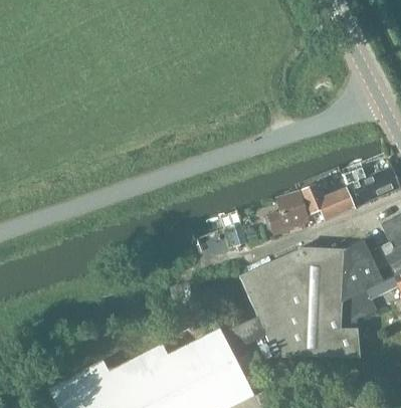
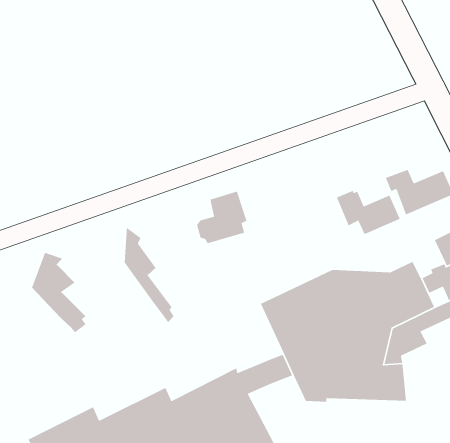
building: [265,190,308,234] -> [196,190,247,244]
building: none -> [124,226,175,323]
building: none -> [31,252,87,333]

